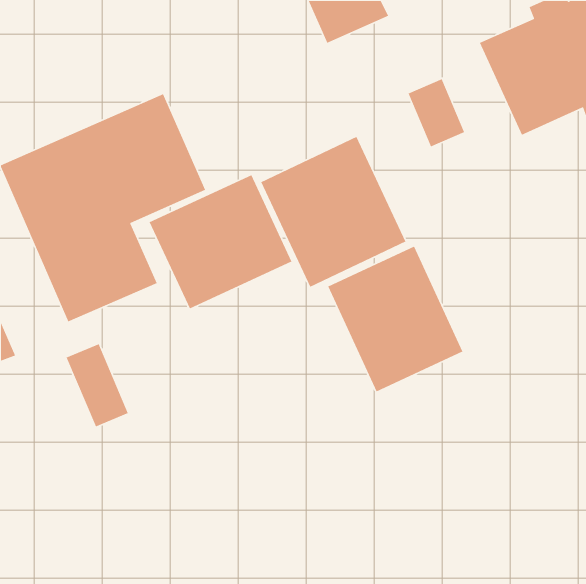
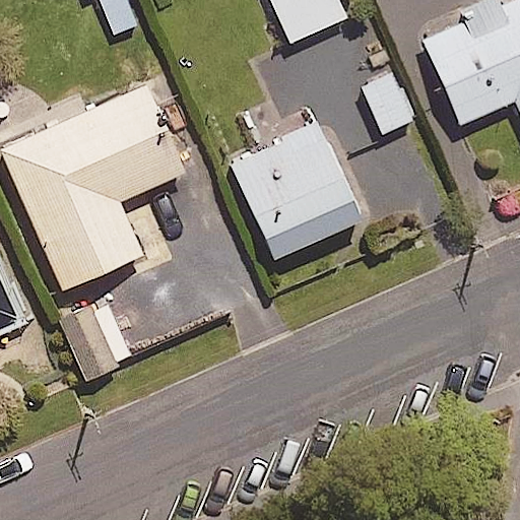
building: [149,174,293,309] -> none
building: [327,245,463,393] -> none

